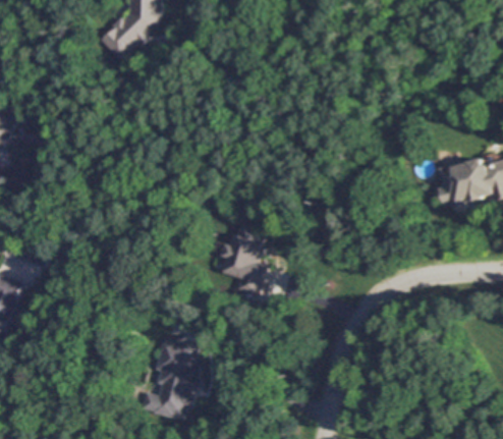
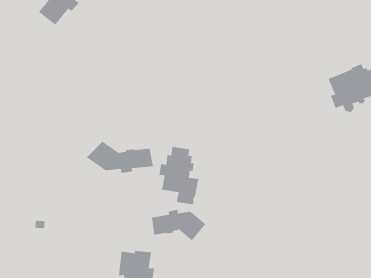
building: none -> [86,141,153,174]
building: none -> [151,209,206,241]

